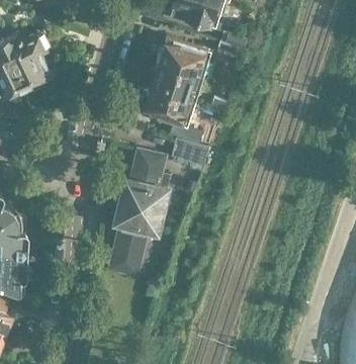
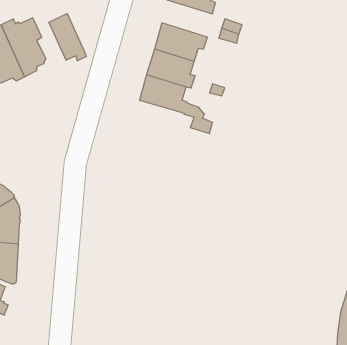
building: none -> [49,14,86,61]
building: [177,141,211,168] -> none
building: [113,149,174,276] -> none

